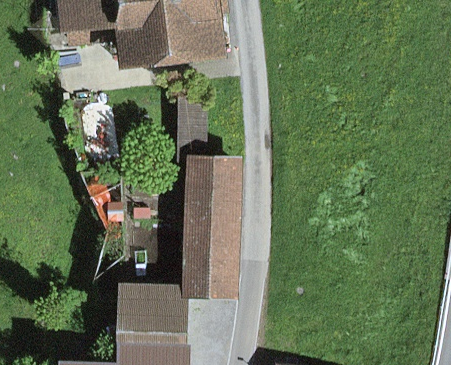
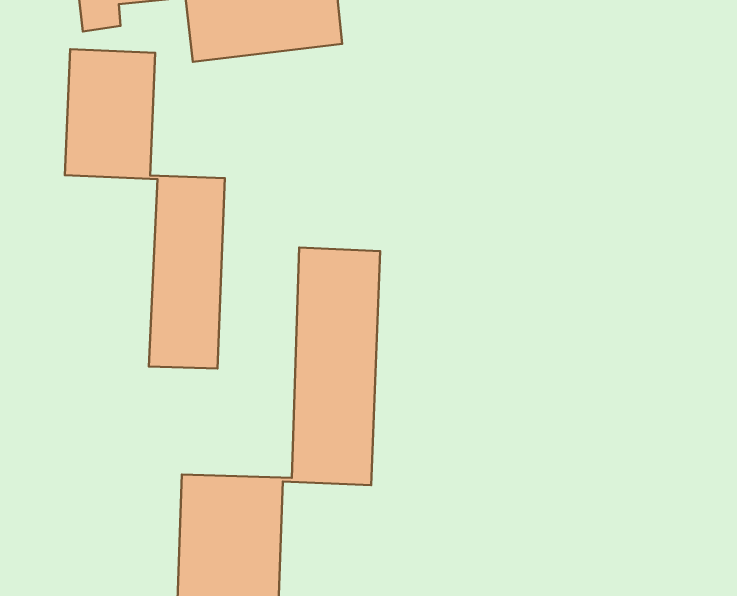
building: none -> [65,49,225,369]

